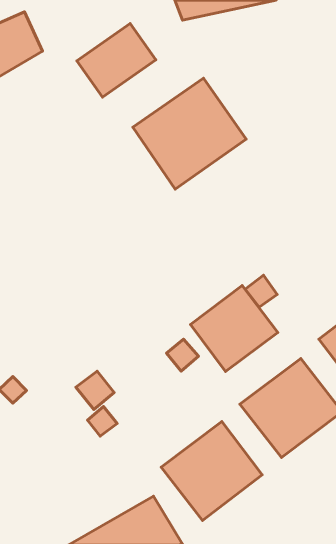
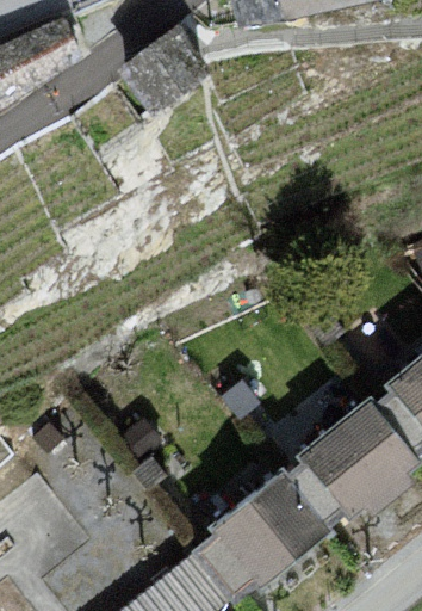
building: [133,78,246,189] -> none
building: [190,285,278,371] -> none

